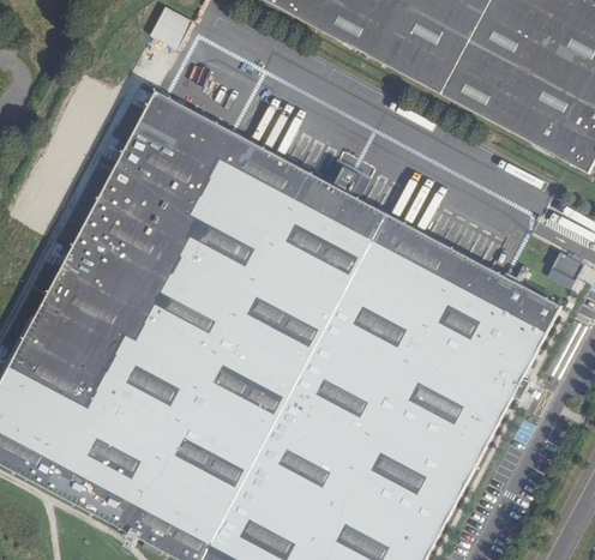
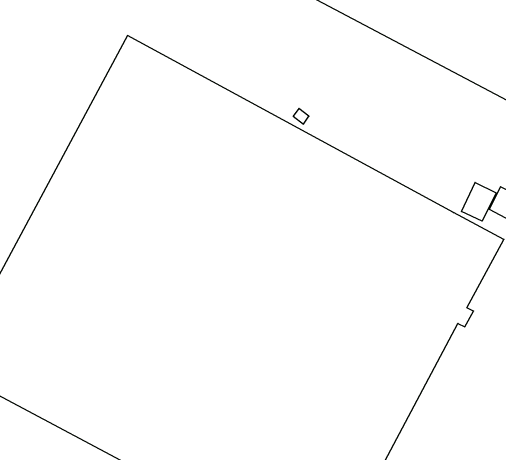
building: none -> [462,182,496,221]

